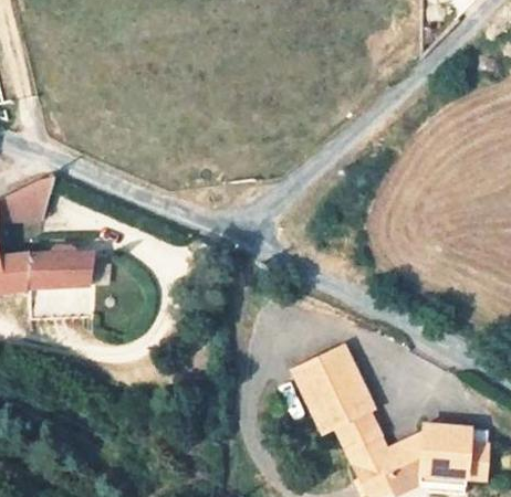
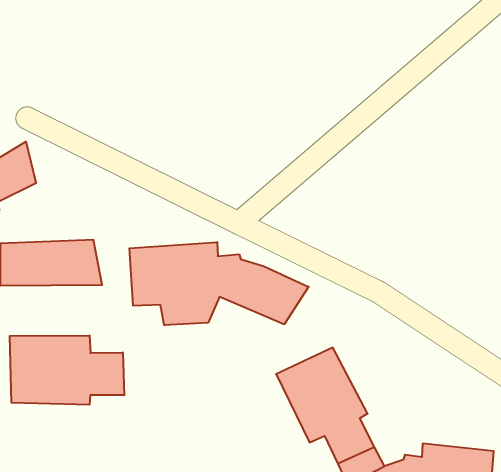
building: none -> [129,242,309,325]
building: none -> [10,335,124,405]

